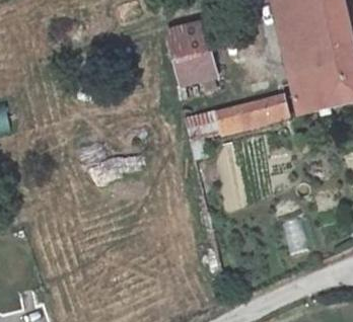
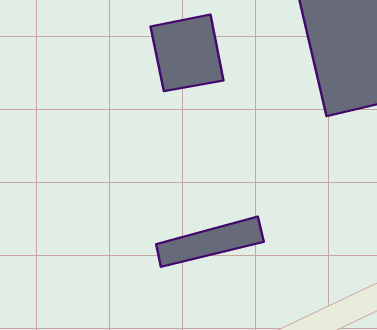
building: [195,94,286,137] -> [156,217,264,267]

